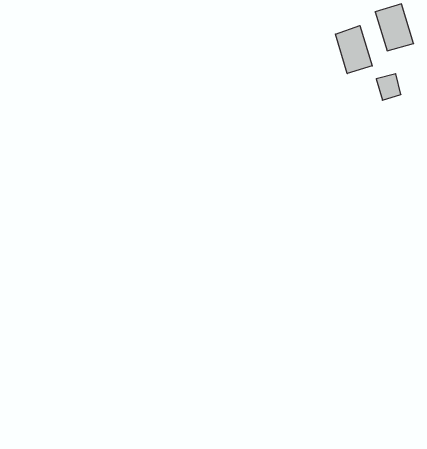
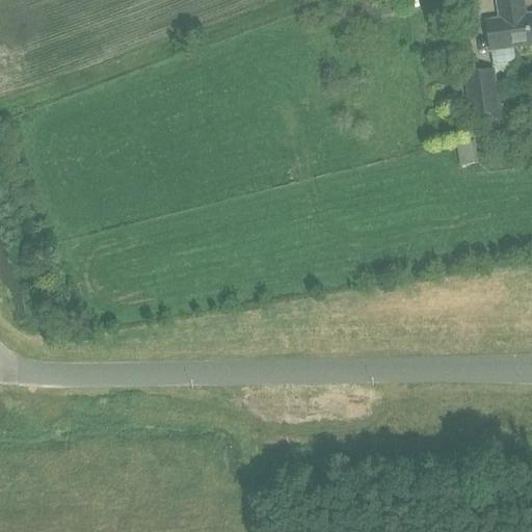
building: [335,26,372,74] -> none

